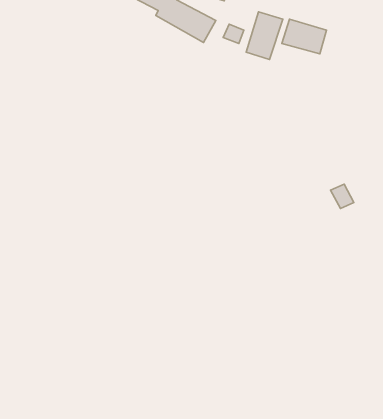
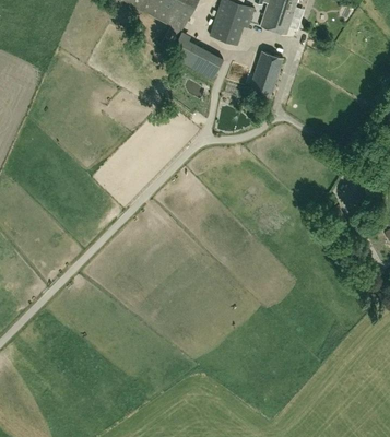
building: [282,19,327,54] -> none

